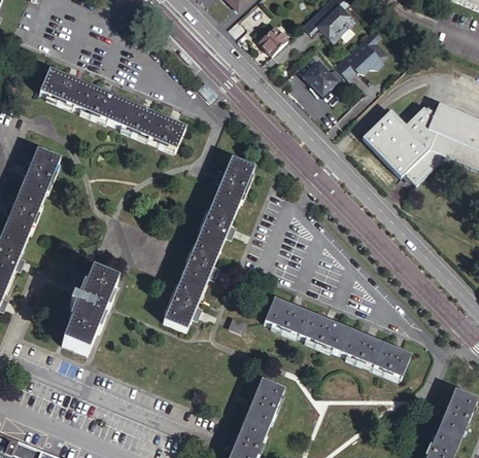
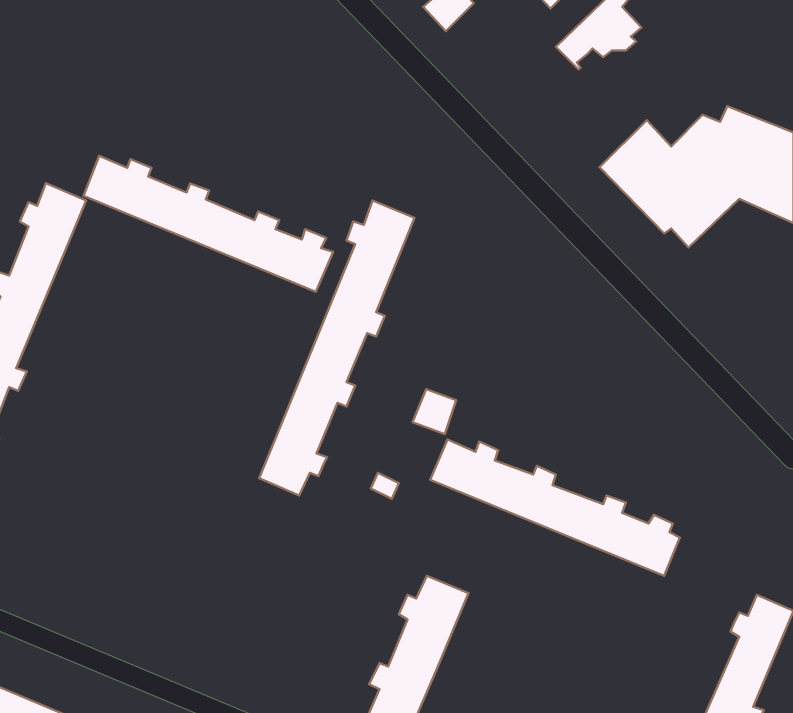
building: [304,59,341,96] -> none
building: [40,70,187,150] -> [84,156,333,292]
building: none -> [412,389,456,434]
building: [62,269,118,352] -> none

